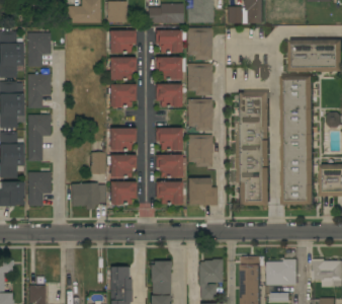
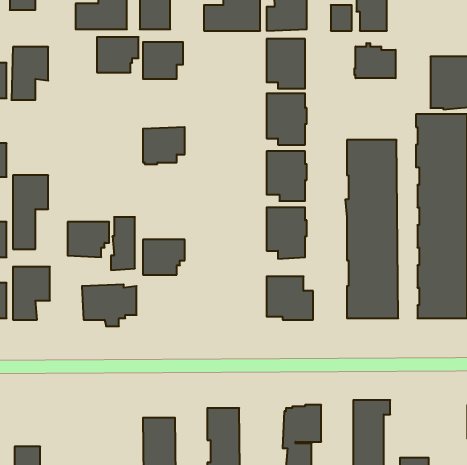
building: [155,30,185,53] -> none
building: none -> [354,43,396,78]
building: [154,57,185,80] -> none
building: [109,58,136,80] -> [97,37,139,72]
building: [27,74,50,108] -> none
building: [155,84,181,107] -> none
building: [155,128,181,150] -> none
building: [109,129,136,151] -> [68,222,109,257]
building: [155,154,181,177] -> none
building: [155,181,182,204] -> none
building: [109,182,136,205] -> none
building: [268,259,297,285] -> none

